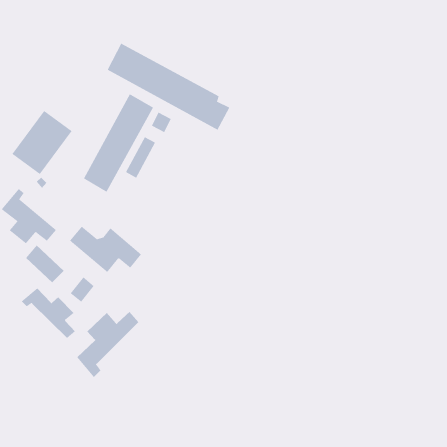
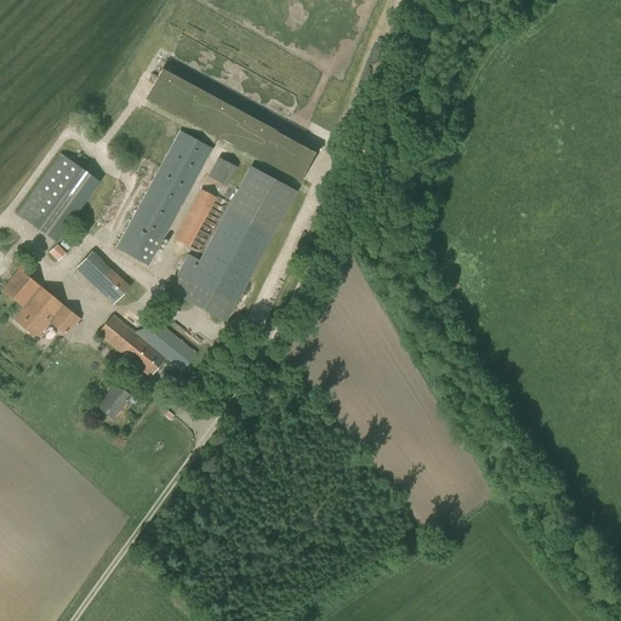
building: none -> [169,166,297,321]
building: [25,245,64,283] -> [75,251,130,304]
building: [21,288,76,339] -> none
building: [76,311,139,378] -> none

